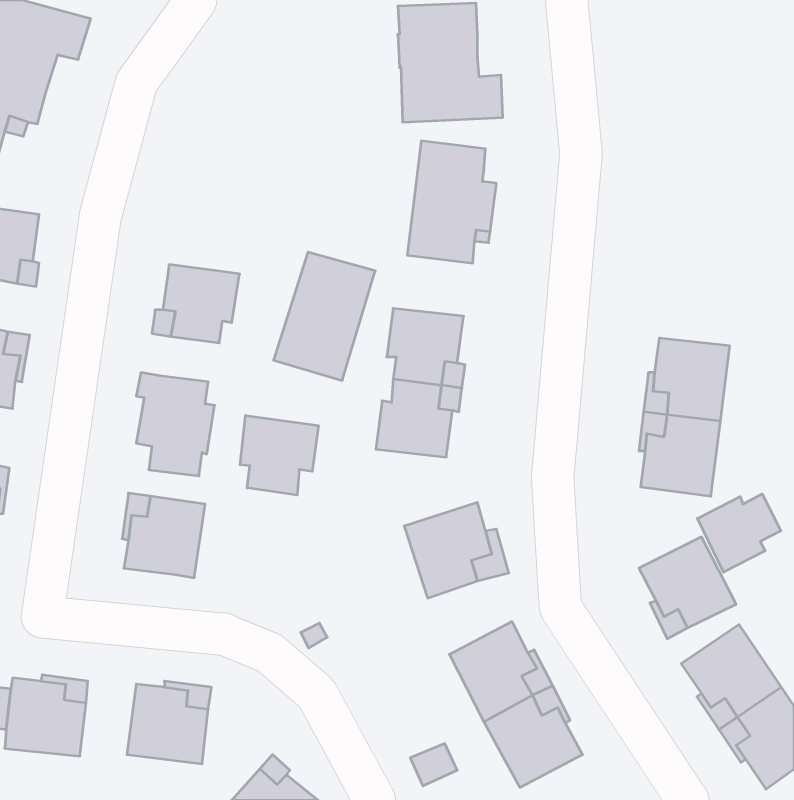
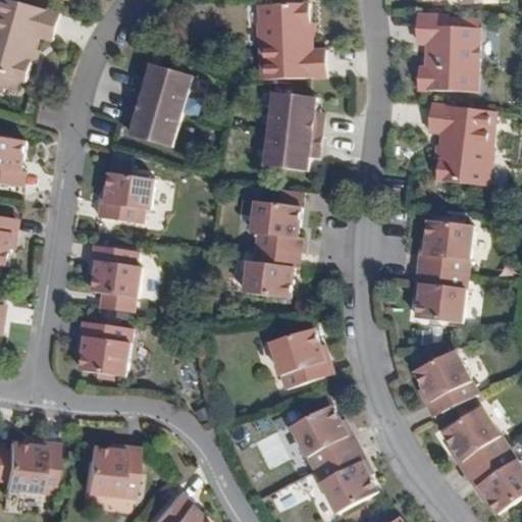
building: none -> [411,15,473,91]
building: none -> [423,105,489,184]
building: [273,252,375,380] -> [122,63,189,147]
building: [240,415,318,495] -> none
building: [697,494,781,572] -> none

